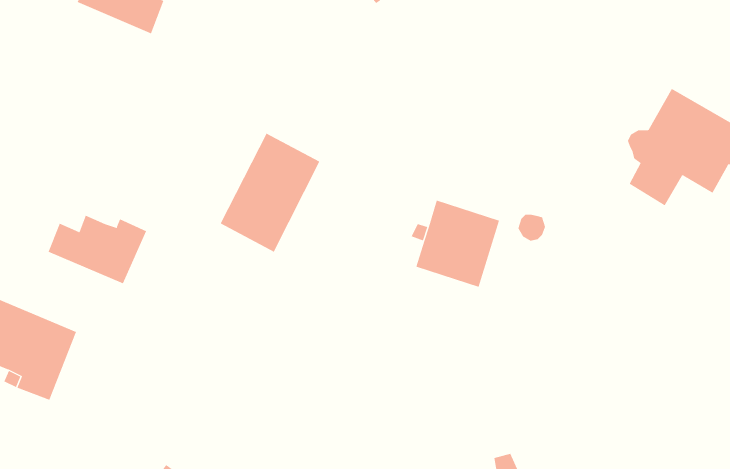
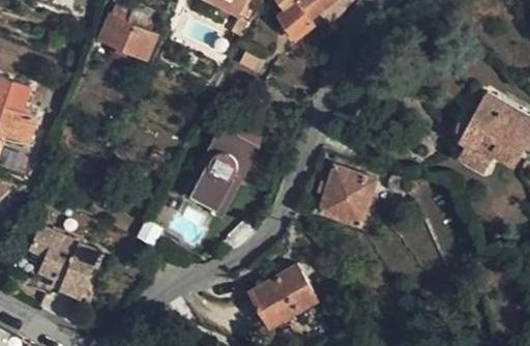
building: [48,215,147,284] -> none
building: none -> [251,266,316,326]

